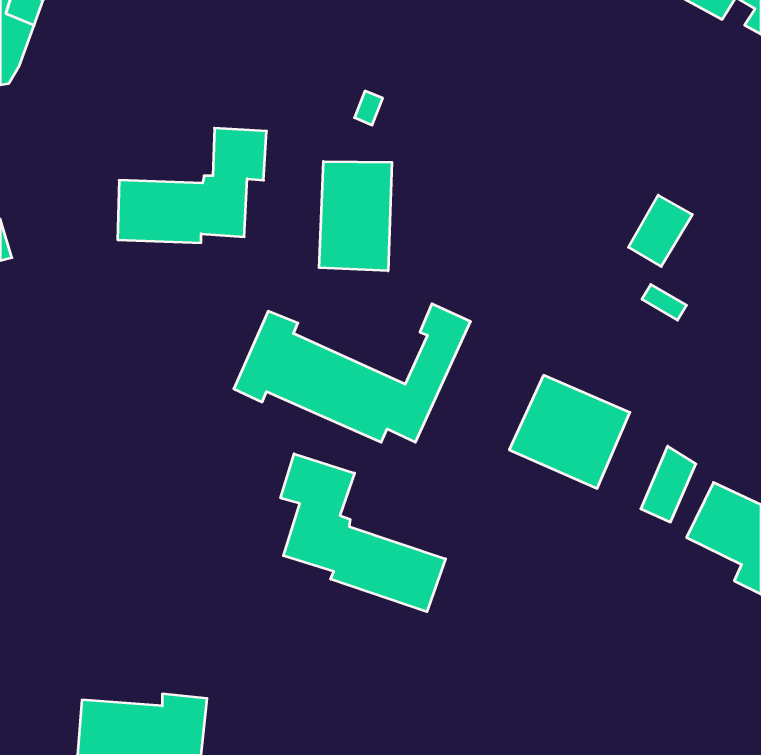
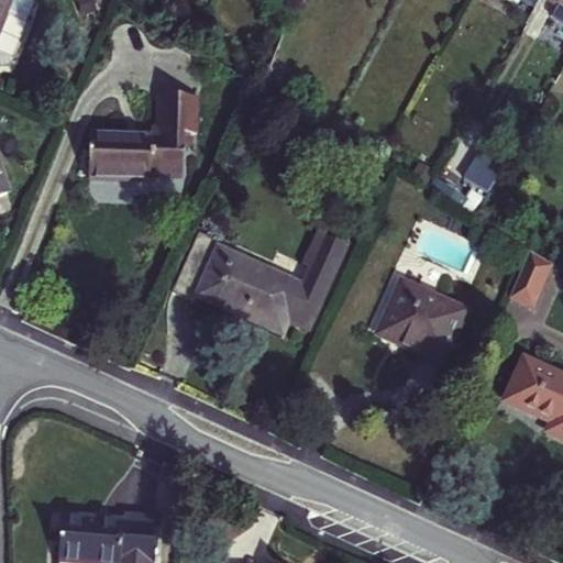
building: [319,161,392,271] -> none
building: [641,446,696,522] -> [511,250,552,306]
building: [281,454,446,612] -> none

